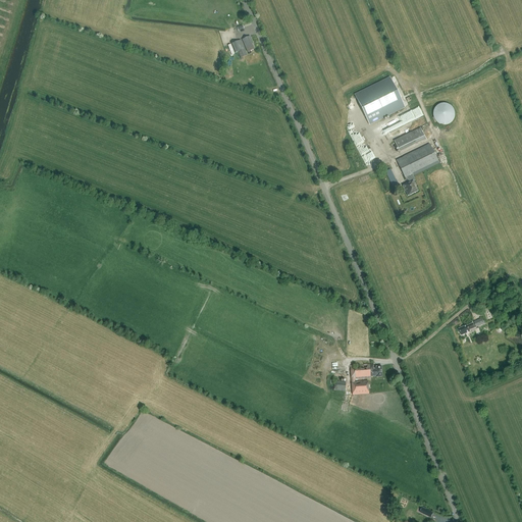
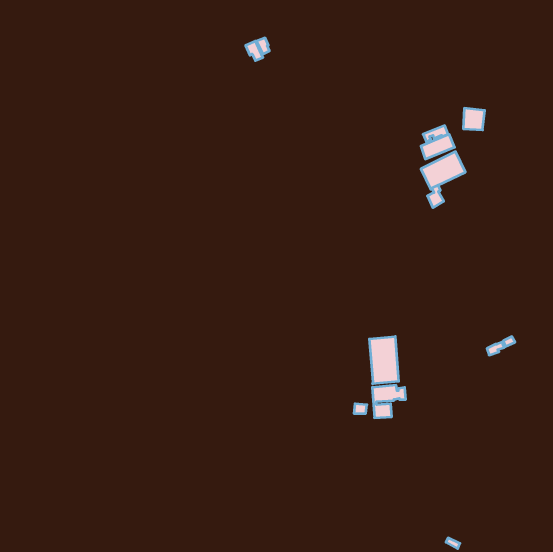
building: [355,76,405,124] -> none
building: none -> [369,336,399,384]

